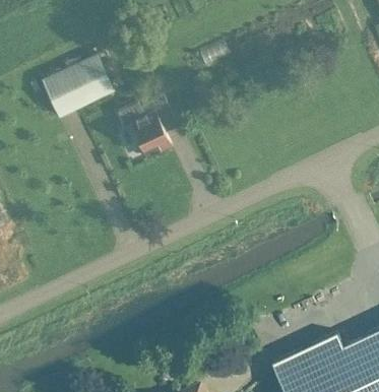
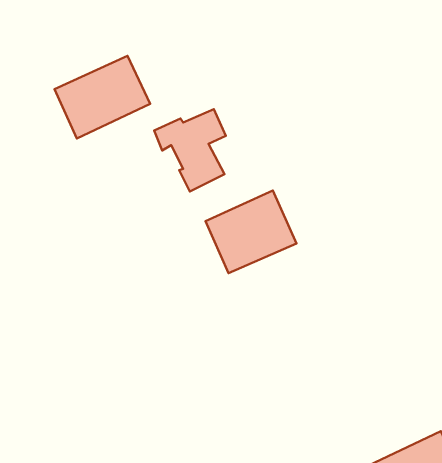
building: none -> [206,191,297,273]

